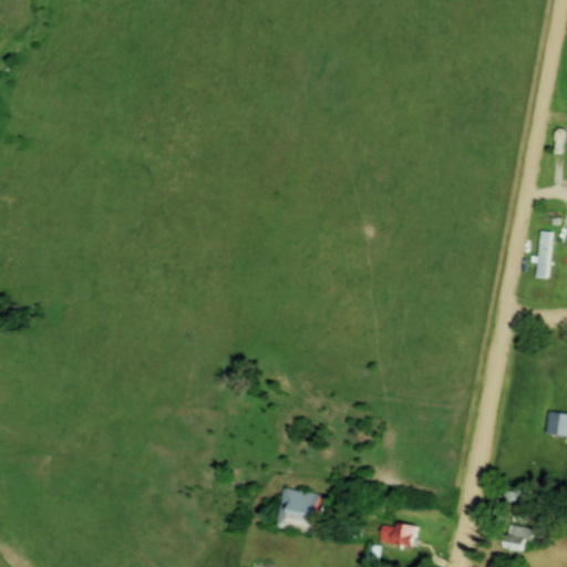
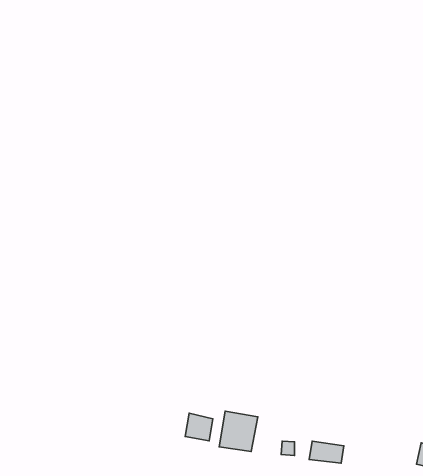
building: none -> [185,413,213,441]

